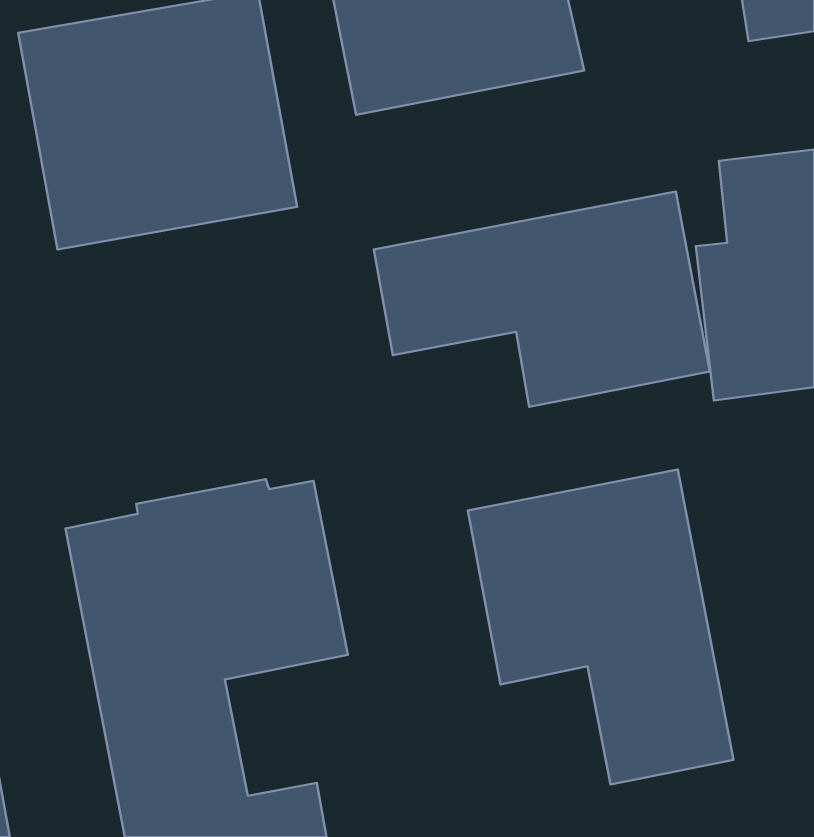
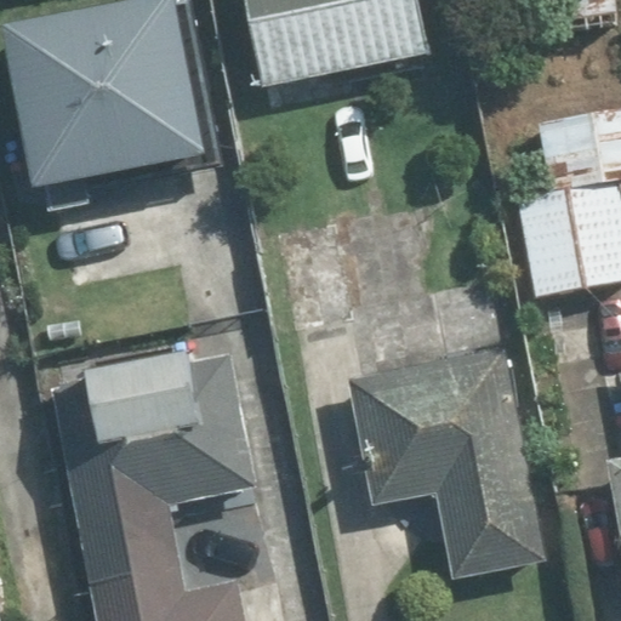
building: [374,192,710,407] -> none

